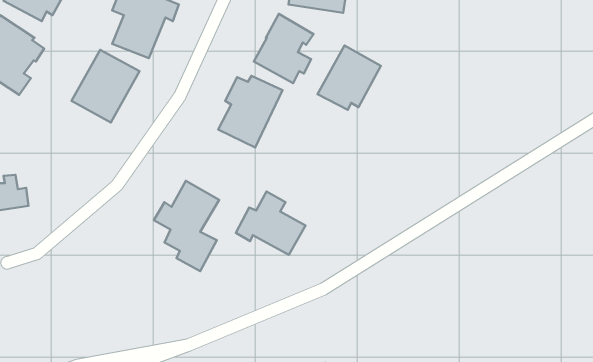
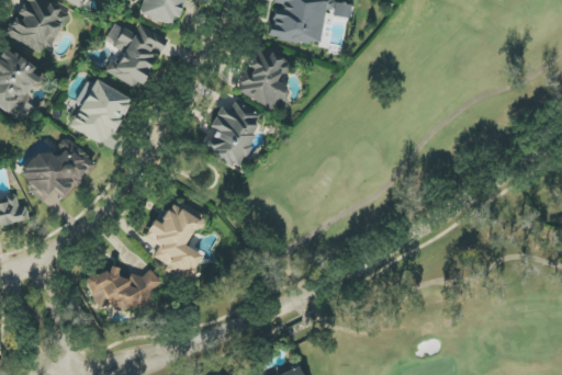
building: [318,45,381,110] -> none
building: none -> [16,136,95,201]
building: [236,191,306,255] -> none
building: none -> [85,266,159,316]

